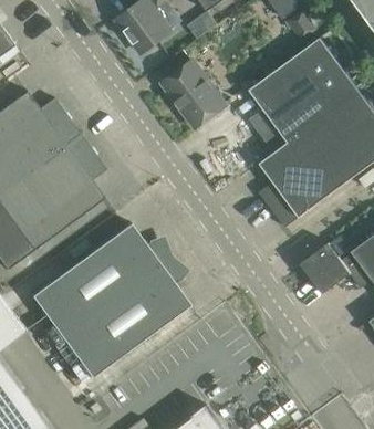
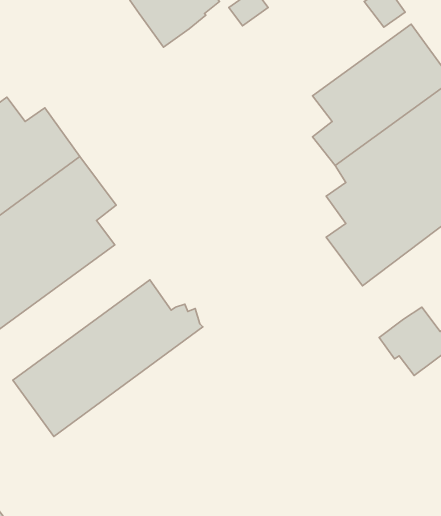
building: [163,60,227,128] -> none
building: [61,258,190,378] -> none

